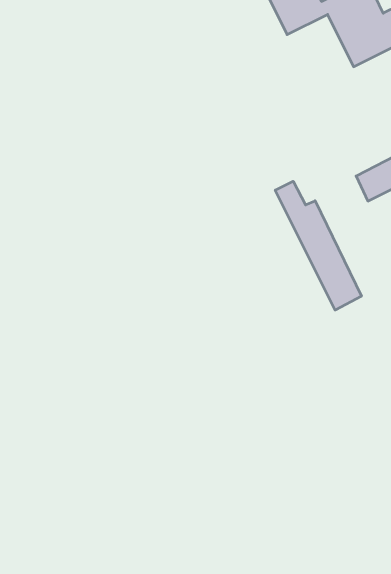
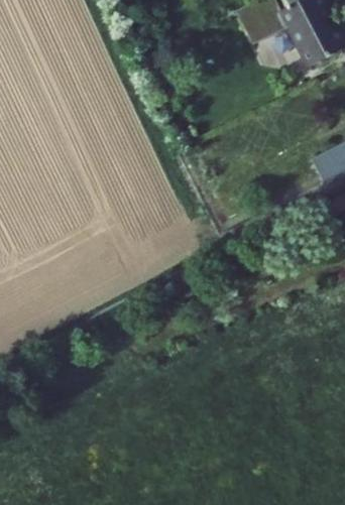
building: [275,181,361,310] -> none

